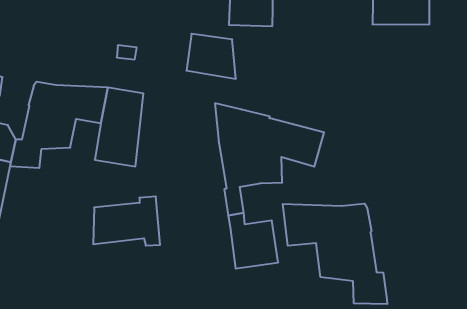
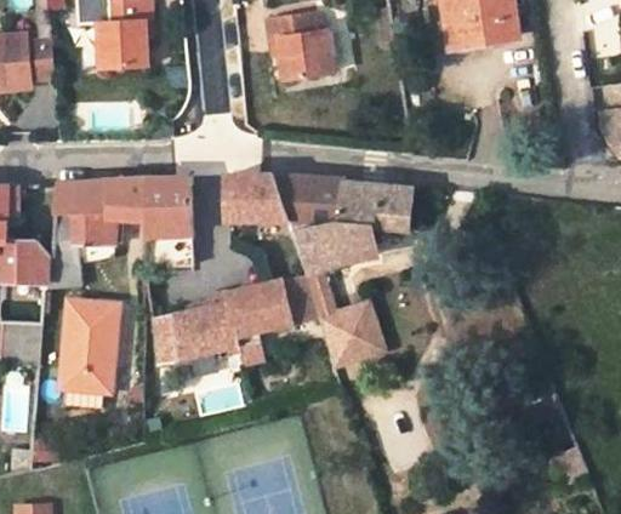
building: [186,34,236,79] -> [227,173,289,219]
building: none -> [65,298,119,409]
building: none -> [224,274,319,362]
building: [283,204,387,304] -> none

